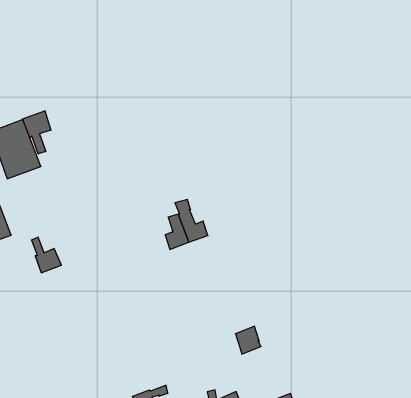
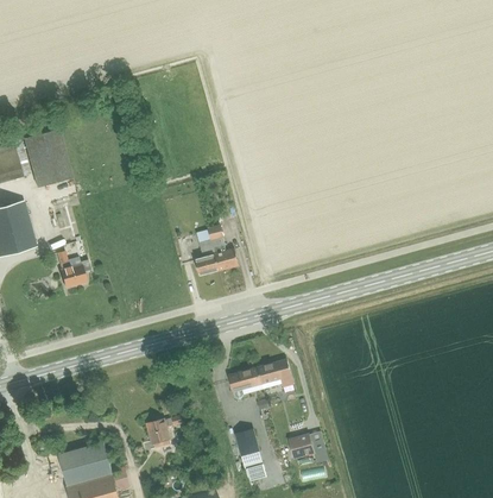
building: [23,111,51,154] -> none
building: none -> [227,368,260,401]

